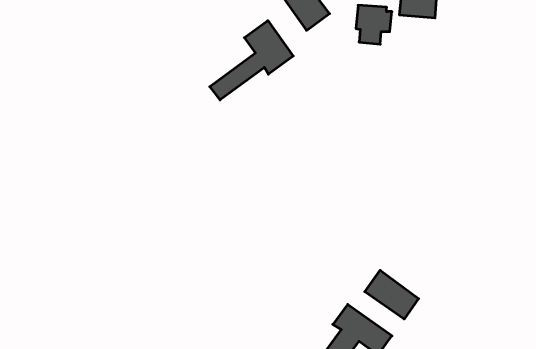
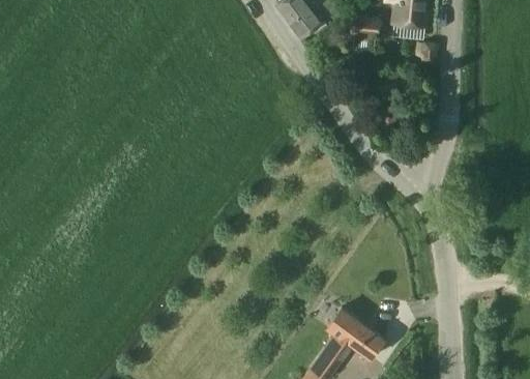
building: [210,21,293,100] -> none
building: [365,270,419,319] -> none

